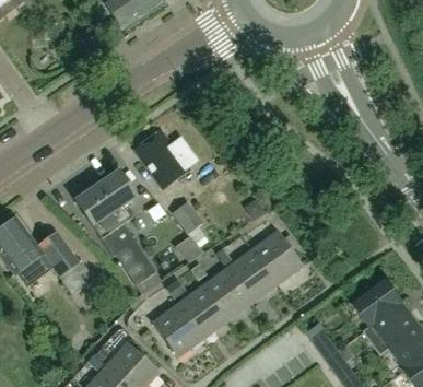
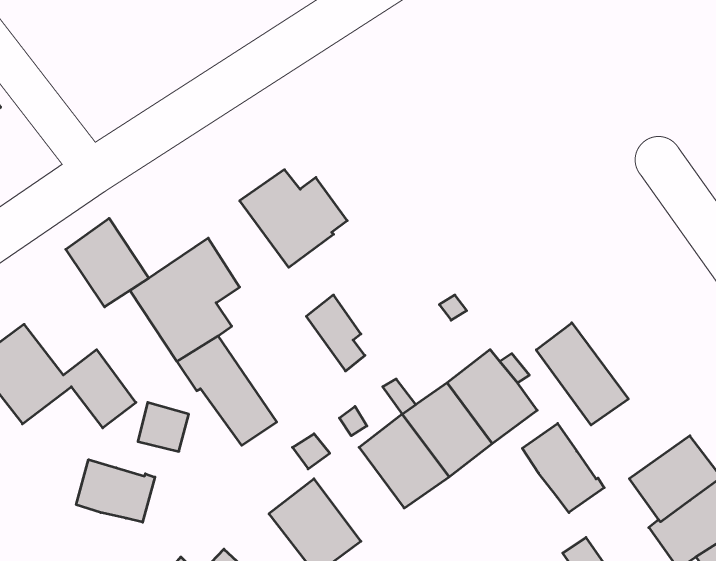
building: none -> [66,218,149,307]
building: none -> [536,323,628,425]
building: none -> [522,423,604,513]
building: [178,286,228,339] -> none
building: none -> [76,460,155,522]

